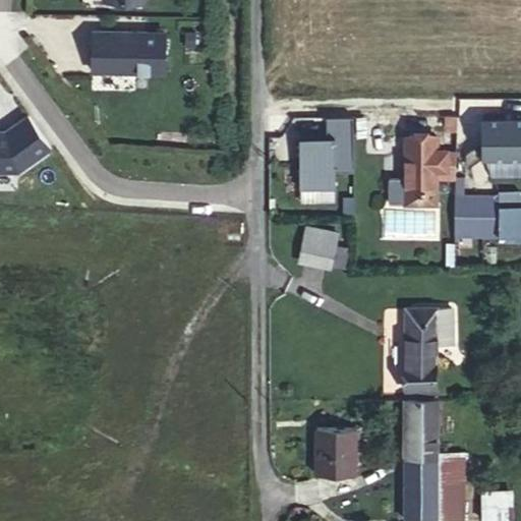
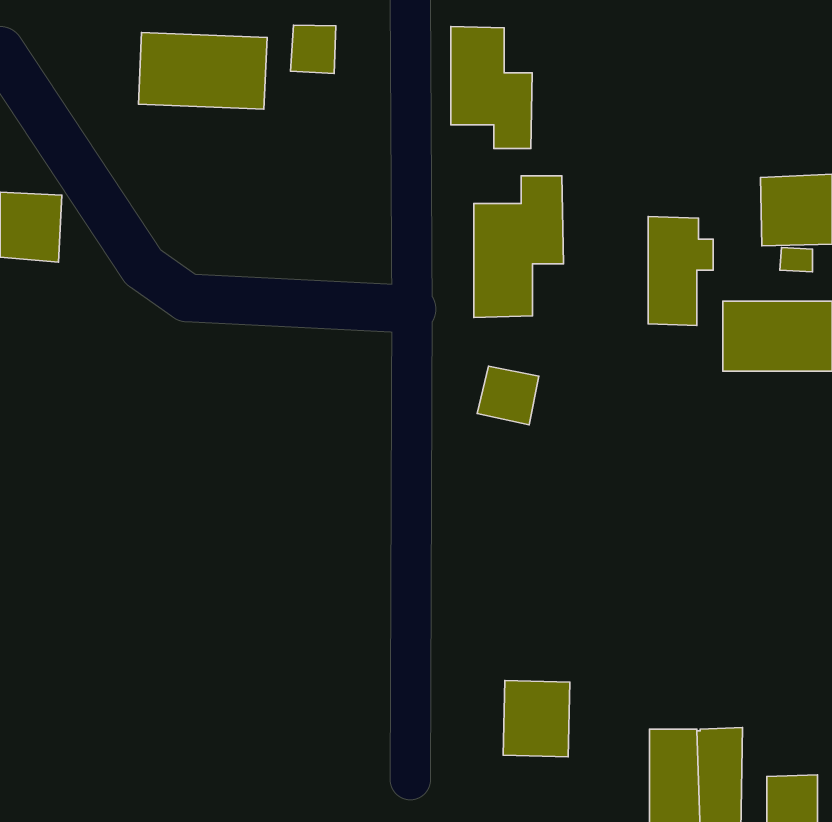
building: none -> [290,25,336,74]
building: none -> [451,26,532,149]
building: [407,312,453,401] -> none
building: [406,405,436,462] -> none

